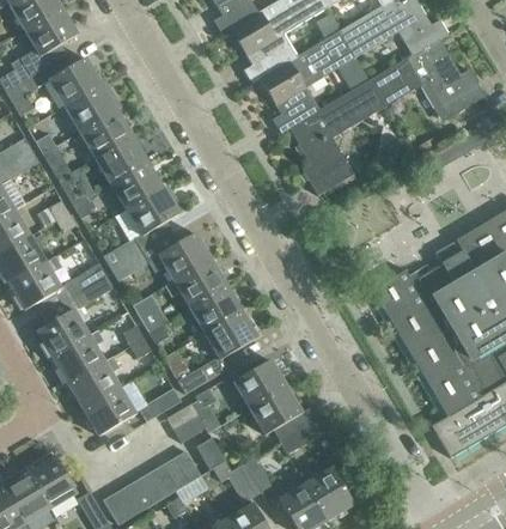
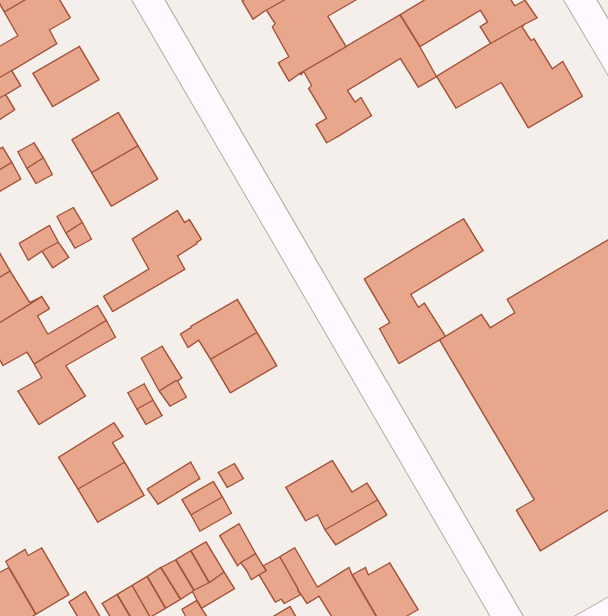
building: [289,80,384,195] -> [364,219,483,363]
building: [63,83,121,130] -> none
building: [110,162,163,209] -> none
building: [111,231,211,280] -> none
building: [171,310,257,393] -> none
building: [53,329,112,383] -> none
building: [233,359,286,407] -> none

